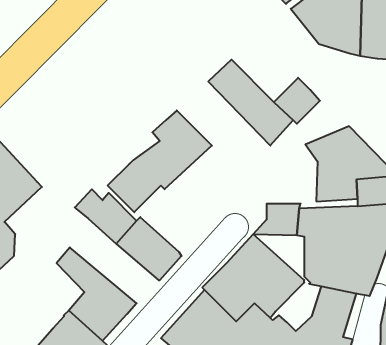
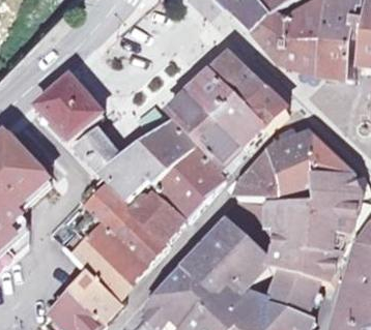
building: none -> [210,52,267,108]
building: none -> [37,78,105,143]
building: none -> [170,90,244,167]
building: none -> [76,131,123,179]
building: none -> [241,144,284,192]
building: none -> [153,145,224,214]
building: none -> [133,186,183,236]
building: none -> [70,207,148,279]

